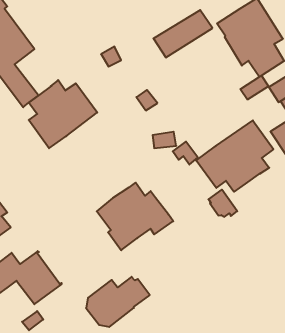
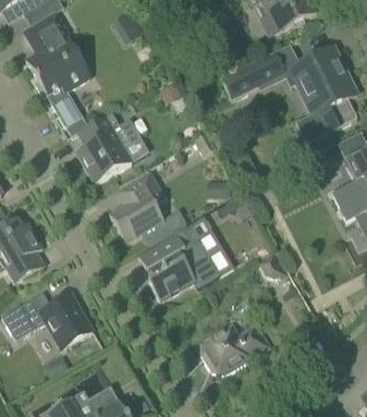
building: [196,120,273,192] -> none
building: none -> [108,172,185,245]
building: [86,277,150,327] -> [199,323,269,375]

